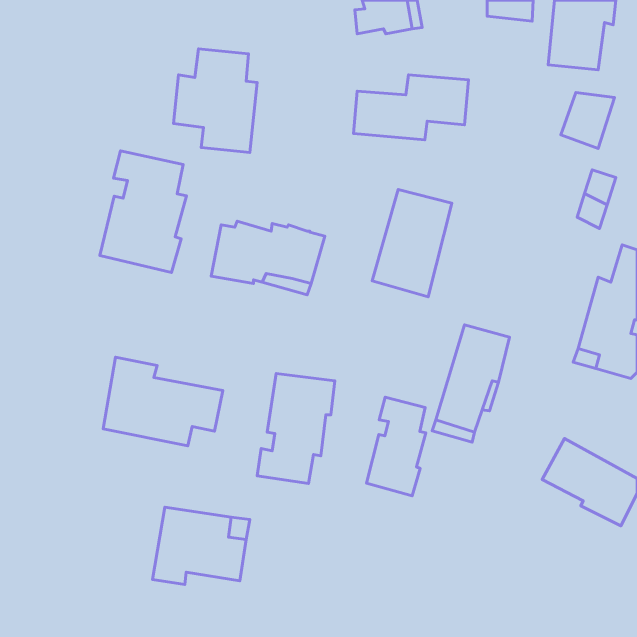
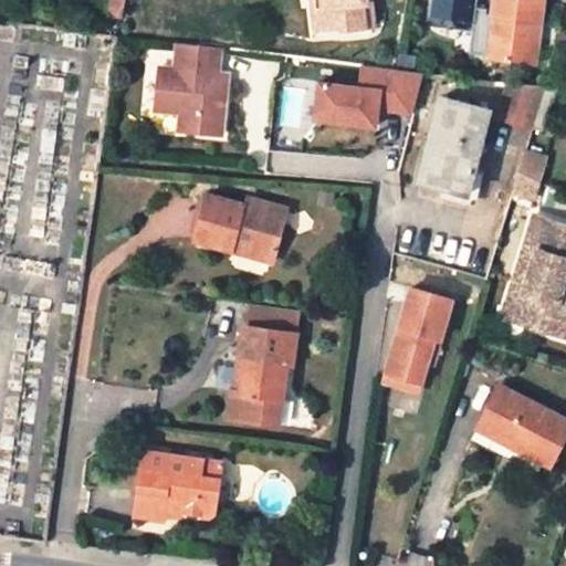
building: [100,151,186,272] -> none
building: [372,190,452,297] -> [418,101,489,196]
building: none -> [244,307,300,338]
building: [103,357,223,446] -> none
building: [367,397,426,496] -> none

